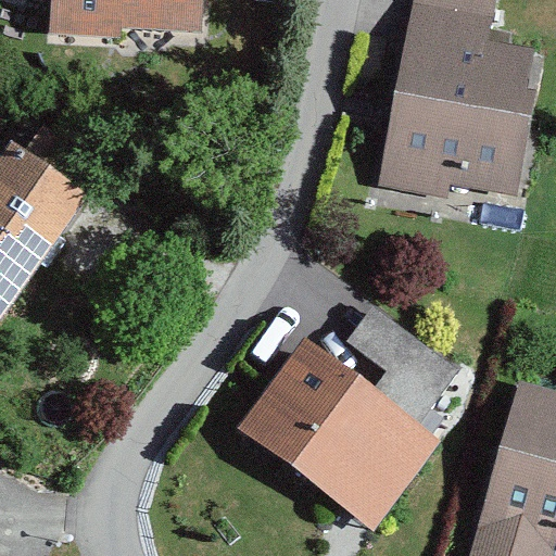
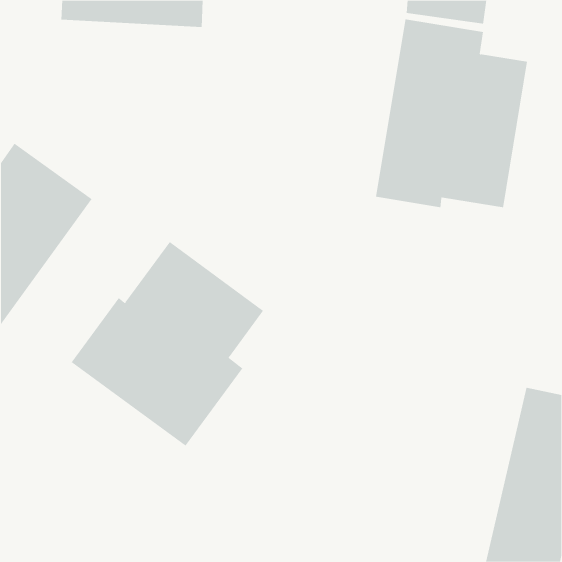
building: none -> [71,241,264,447]
building: [240,306,460,527] -> none

